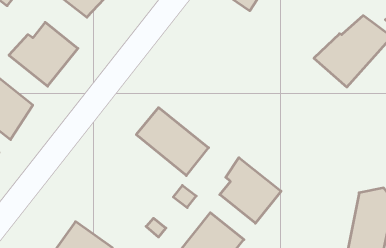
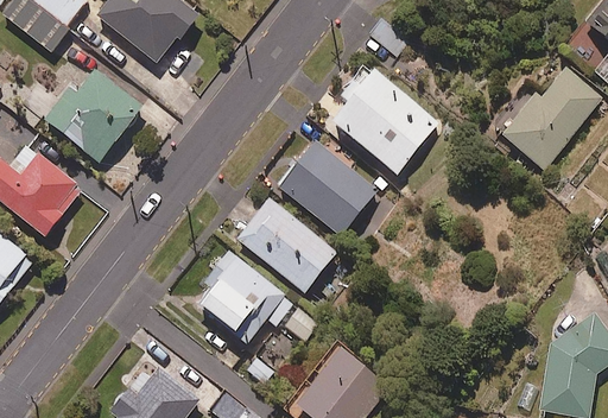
building: none -> [322,65,431,171]
building: none -> [276,137,375,232]
building: none -> [194,253,296,343]
building: [220,158,281,223] -> none

